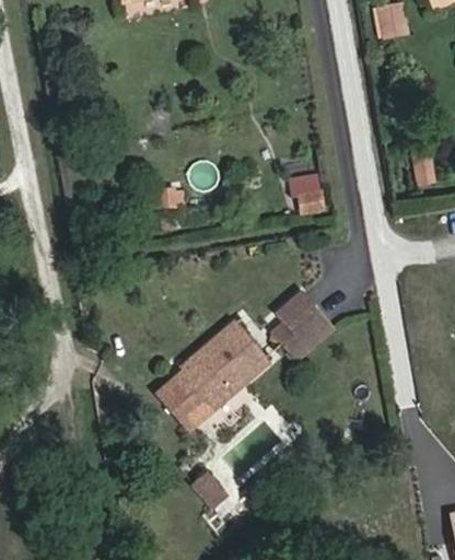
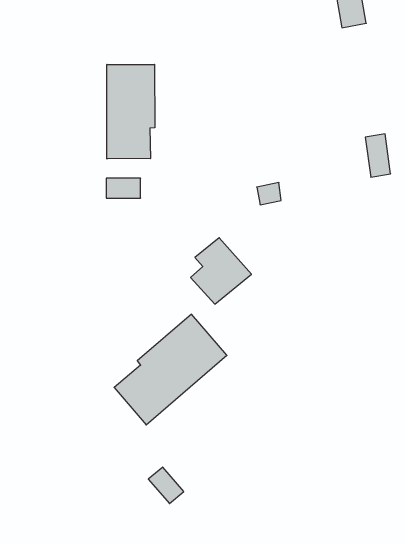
building: none -> [107,64,155,159]
building: [272,293,332,359] -> [191,238,251,304]

